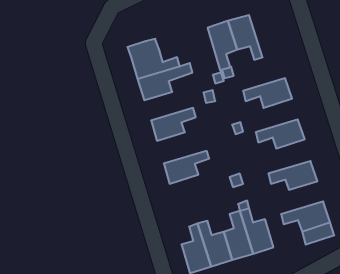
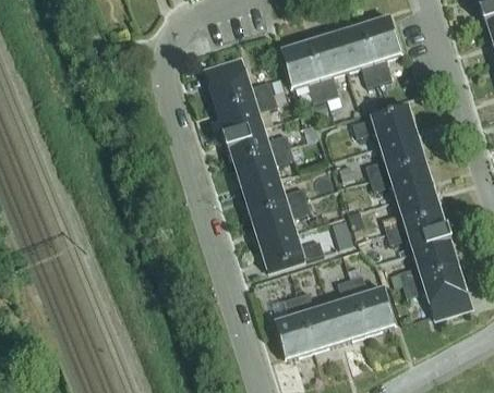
building: none -> [361,16,400,79]
building: none -> [280,41,324,100]
building: none -> [226,124,289,161]
building: none -> [365,133,424,176]
building: none -> [242,176,306,217]
building: none -> [382,185,441,230]
building: none -> [258,231,322,269]
building: none -> [398,240,457,282]

